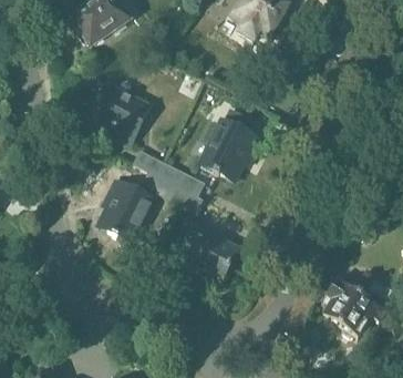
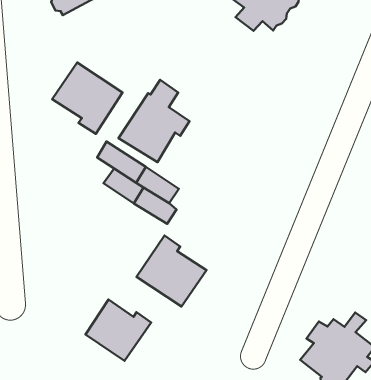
building: [198,108,257,177] -> [118,80,190,162]
building: [99,180,154,241] -> none
building: none -> [86,300,151,361]

